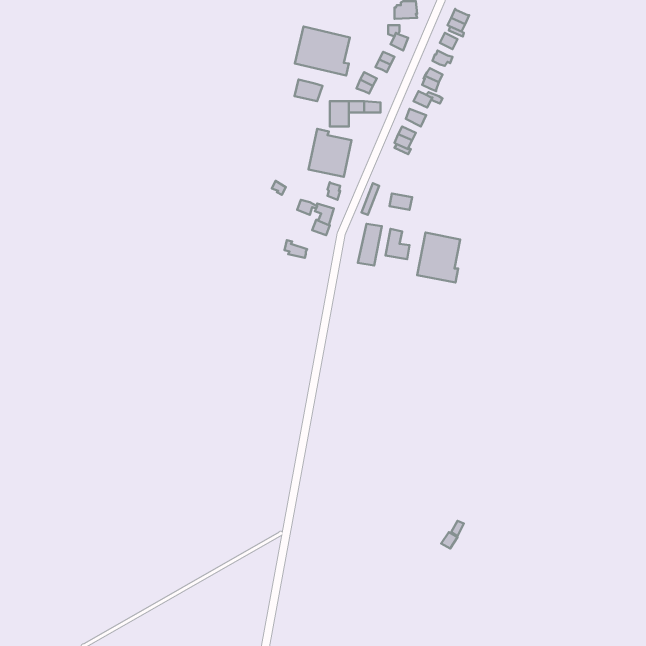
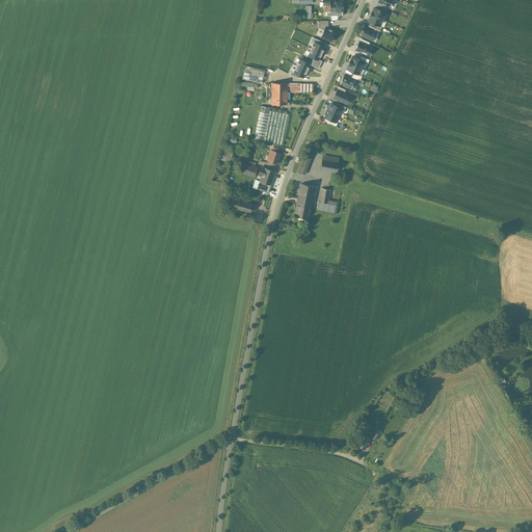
building: [295,26,350,75] -> none
building: [417,232,460,282] -> none

